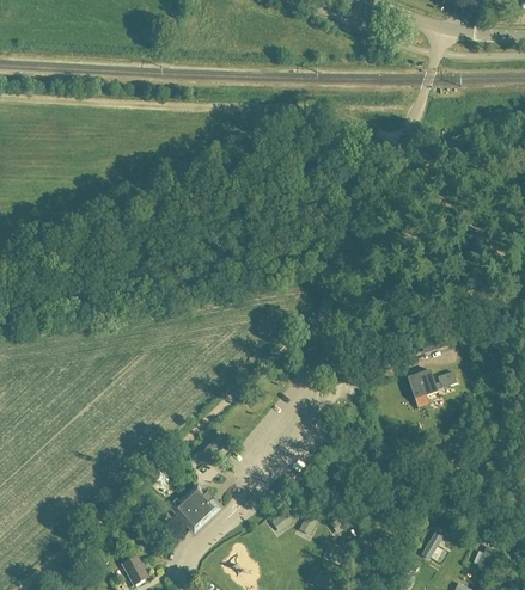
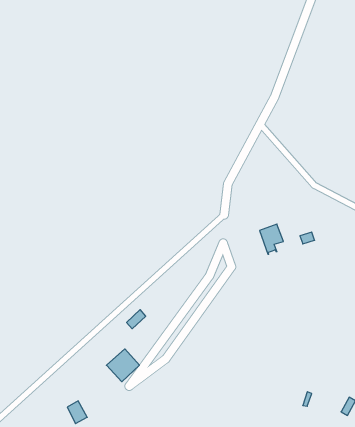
building: [407,368,438,407] -> [260,224,283,254]

